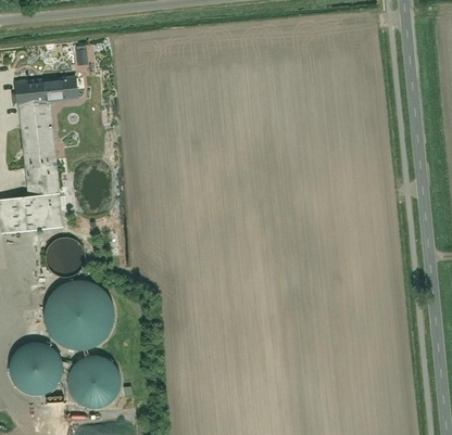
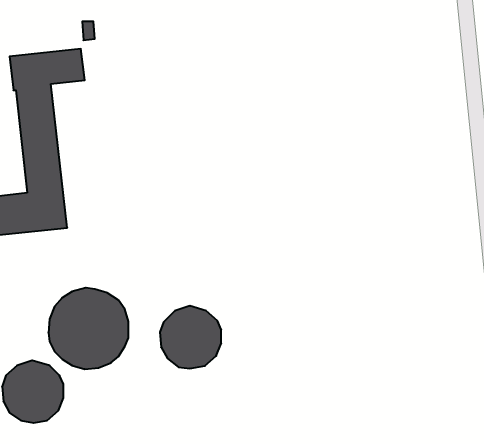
building: [43,238,85,277] -> none
building: [66,355,120,409] -> [160,306,221,368]

